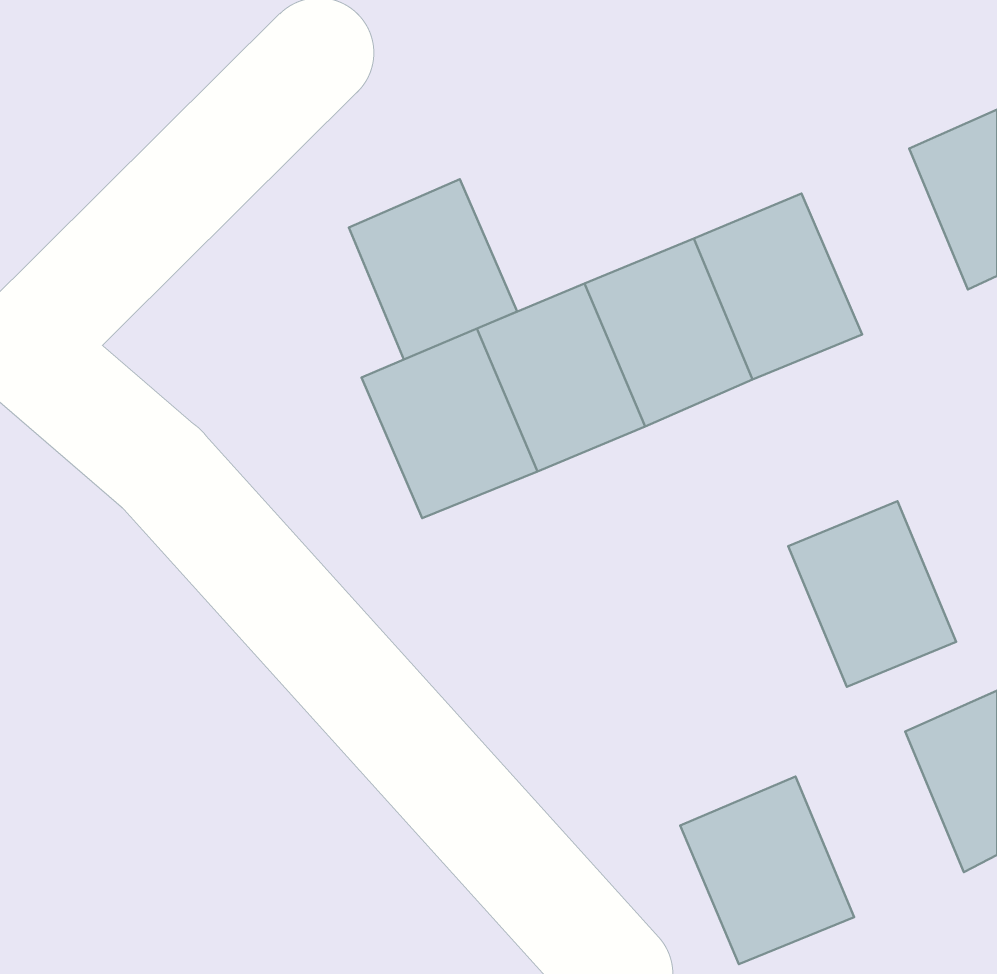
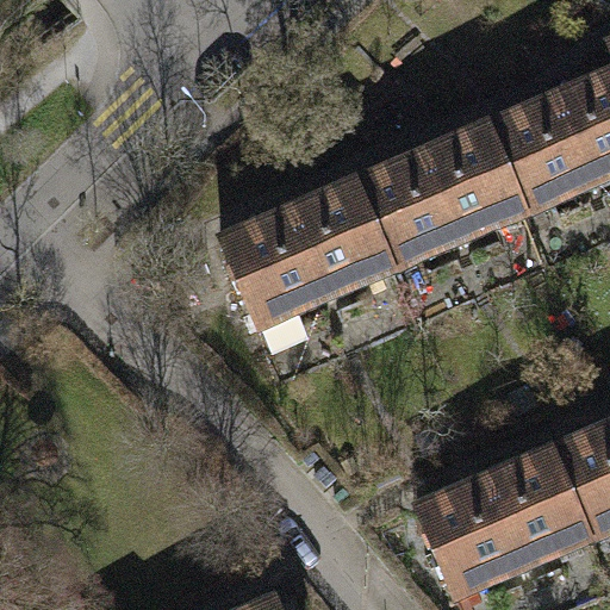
building: none -> [488,91,590,204]
building: [349,179,517,360] -> none
building: [788,501,956,687] -> [485,446,587,559]

